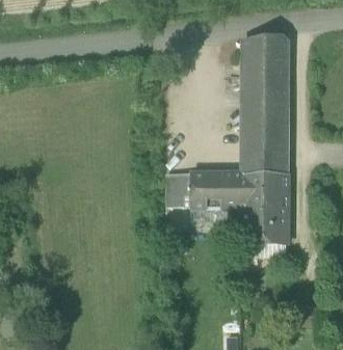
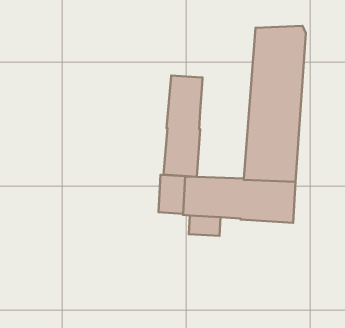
building: none -> [163,75,203,177]
building: [241,207,288,241] -> none

